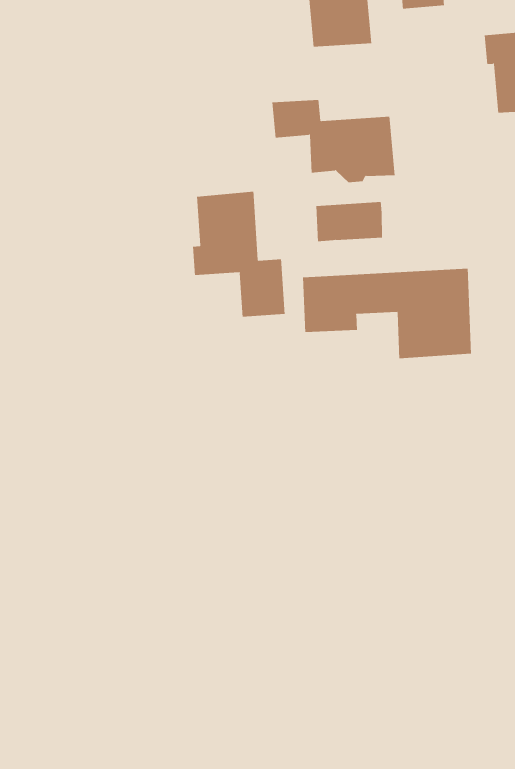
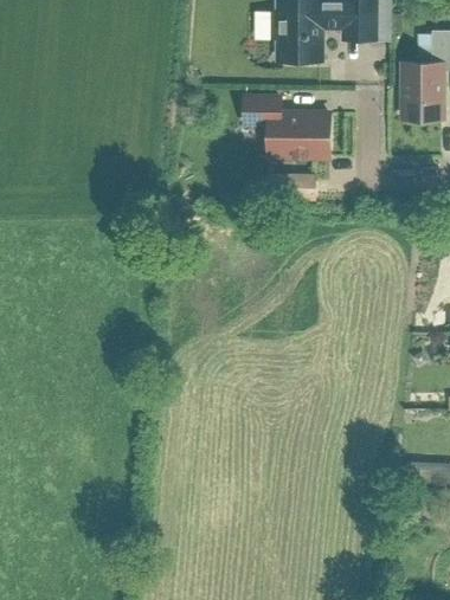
building: [193,191,285,317] -> none
building: [303,268,472,359] -> none

